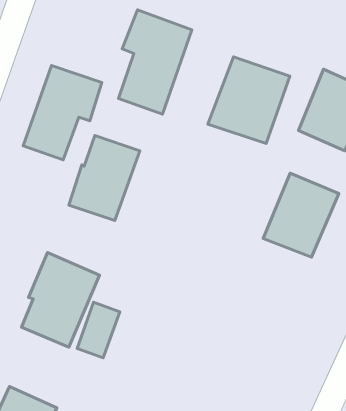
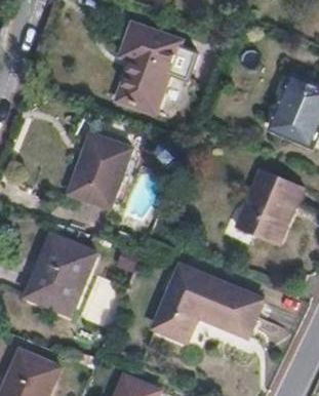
building: [208,57,290,144] -> none
building: [23,66,102,160] -> none
building: none -> [156,264,263,340]

